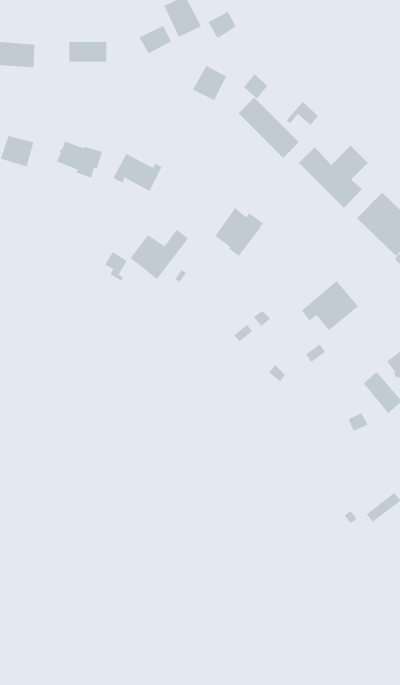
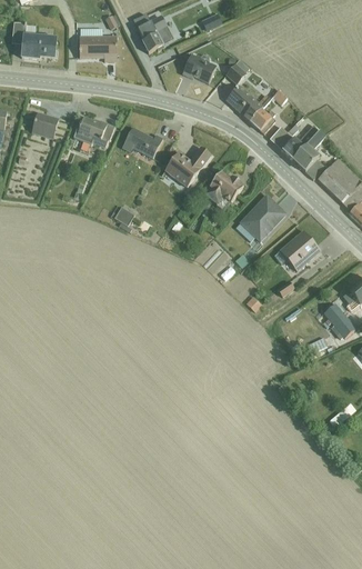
building: [130,229,189,280] -> [163,147,211,188]
building: none -> [234,194,284,241]

